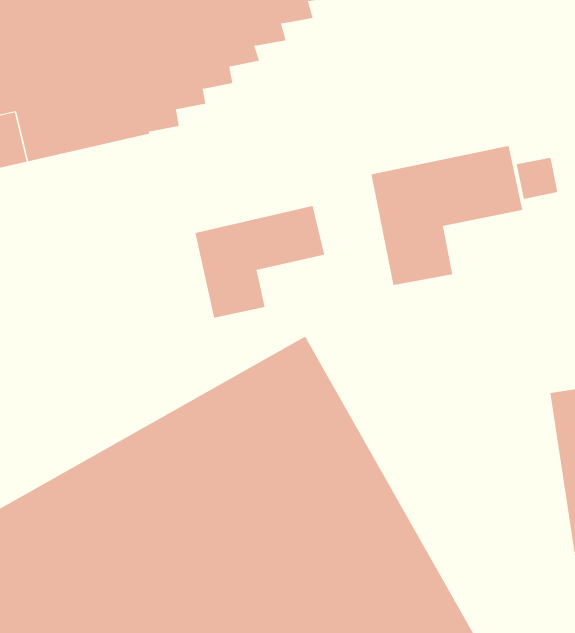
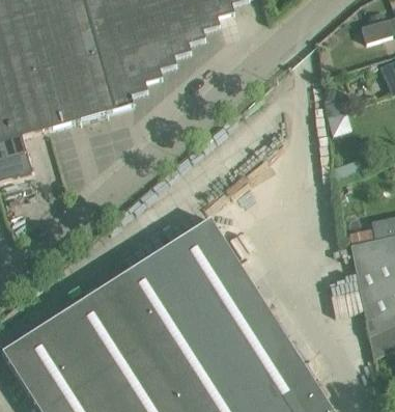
building: [371,145,523,286] -> none
building: [195,205,325,318] -> none

